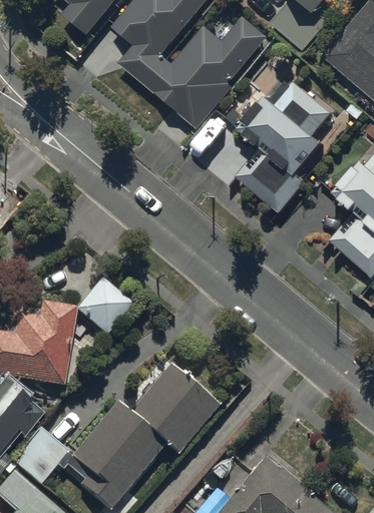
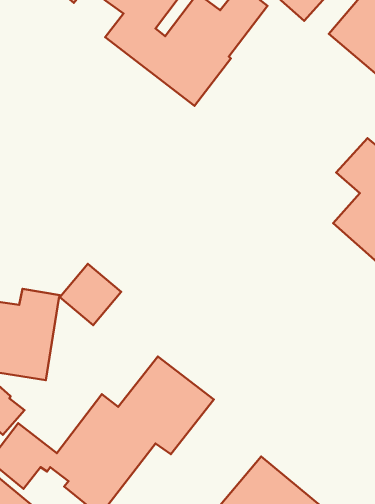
building: [236,79,333,212] -> none

